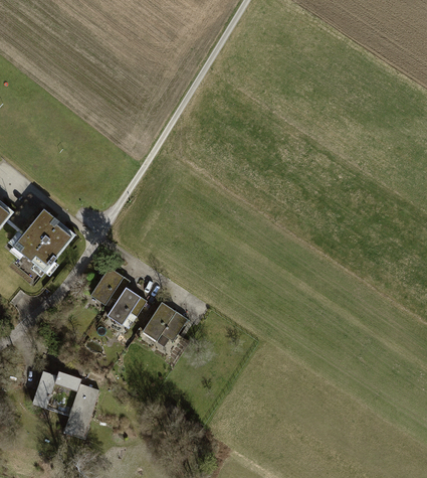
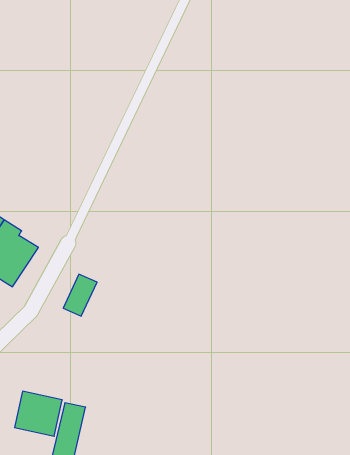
building: [105,286,146,330] -> none
building: [144,303,187,346] -> none

